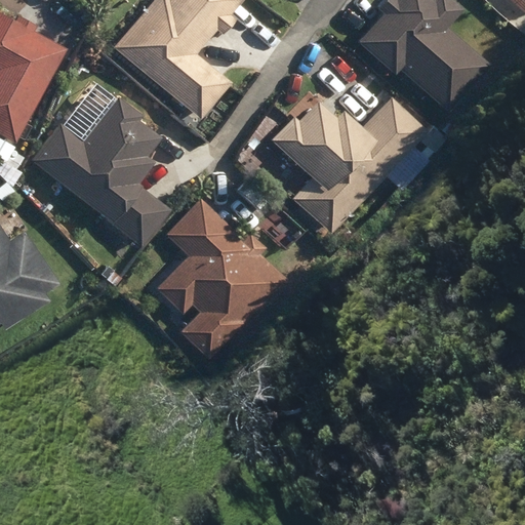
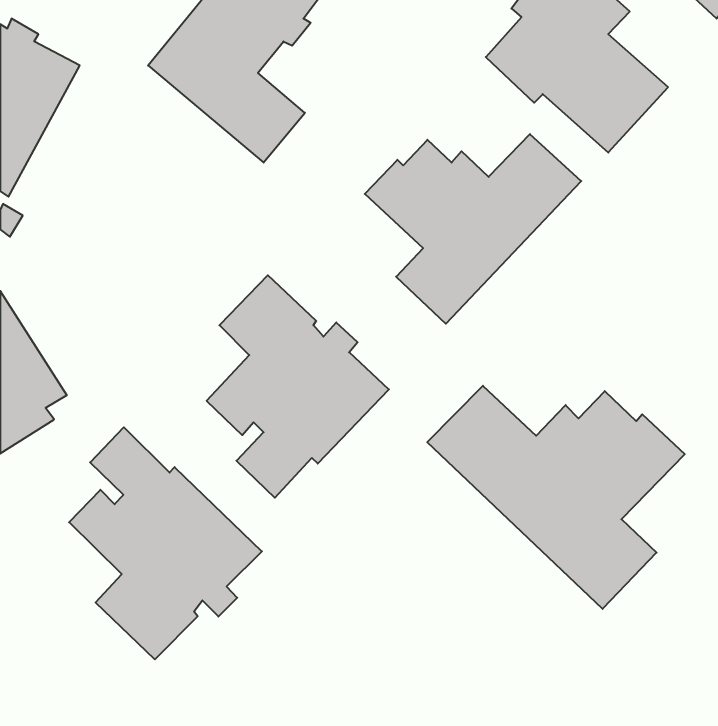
building: [30,95,168,245] -> none
building: none -> [427,386,685,609]
building: none -> [69,427,262,659]

